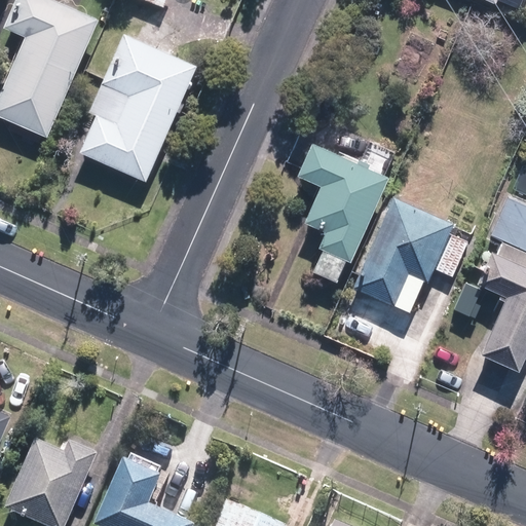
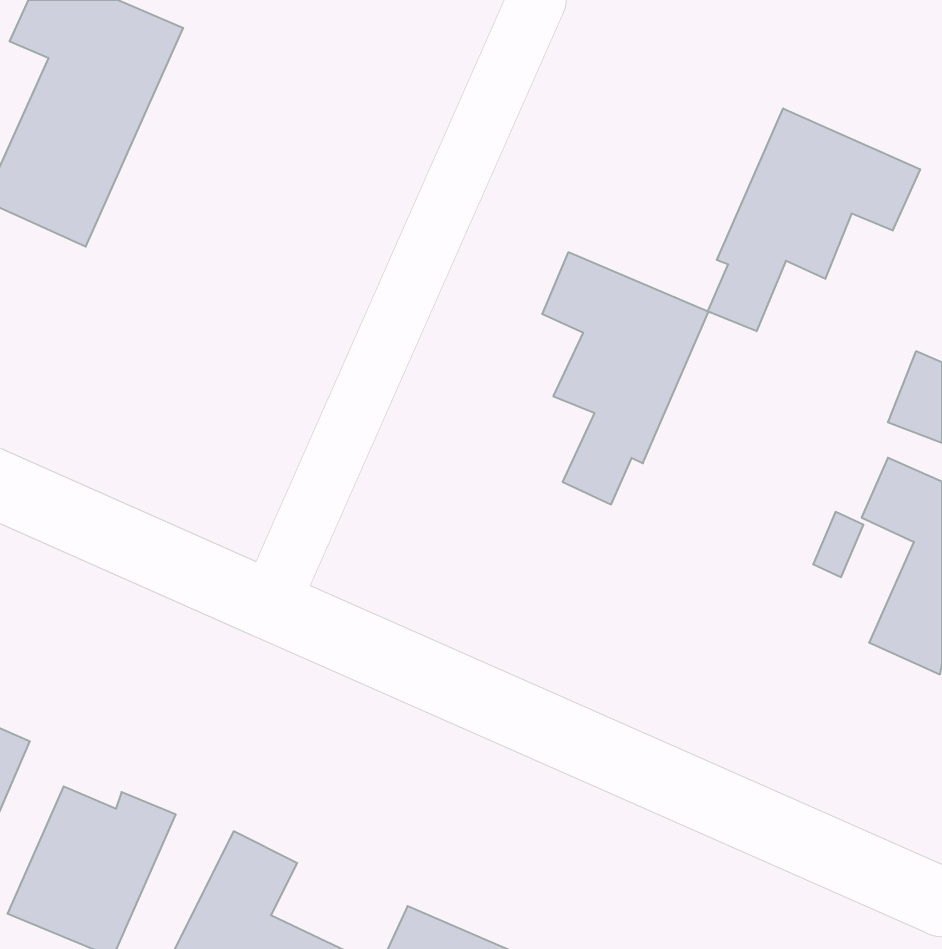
building: [80,31,199,182] -> none
building: none -> [708,108,920,331]
building: [350,200,461,316] -> none

